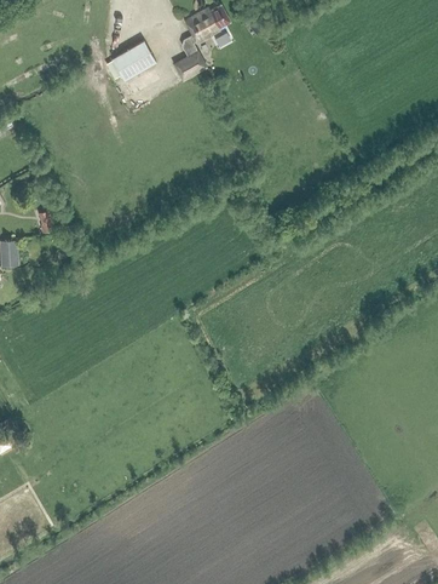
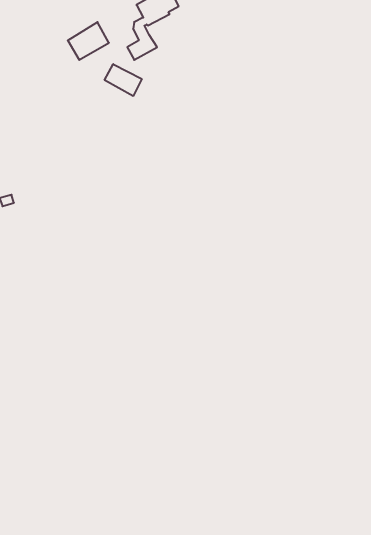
building: none -> [105,64,142,96]

